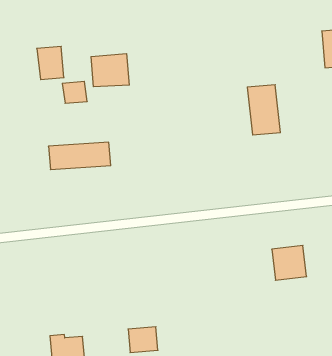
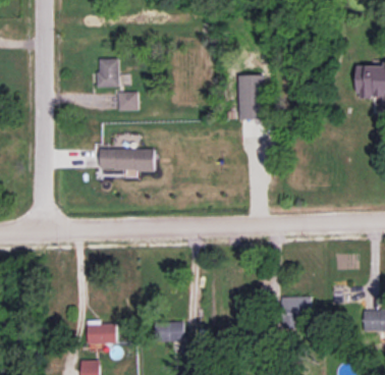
building: [91,54,129,87] -> none
building: [247,85,280,135] -> [237,76,264,120]
building: [272,245,307,280] -> [280,298,310,327]

